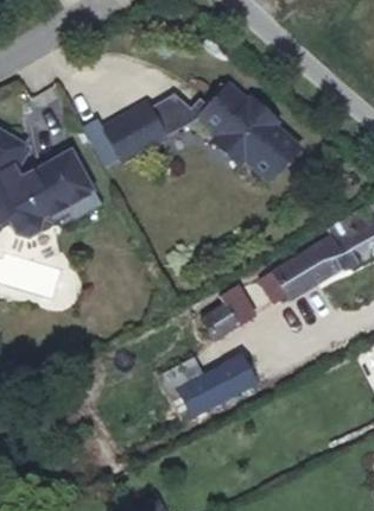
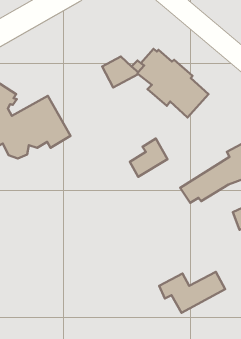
building: [106,102,166,159] -> none
building: [203,284,256,339] -> [130,138,167,177]
building: [161,357,255,415] -> [159,272,225,313]

